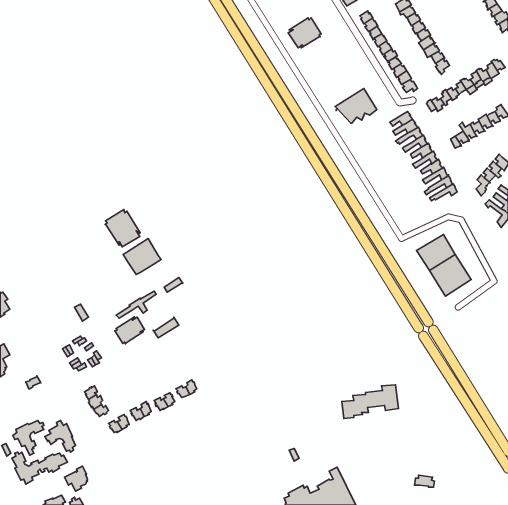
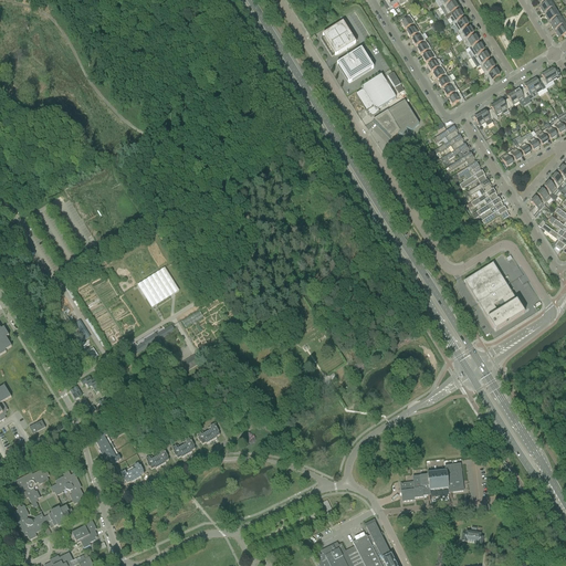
building: none -> [336,41,374,82]
building: none -> [355,73,396,114]
building: [105,210,140,247] -> none
building: [115,317,144,344] -> none
building: [342,385,398,418] -> [400,462,463,500]

